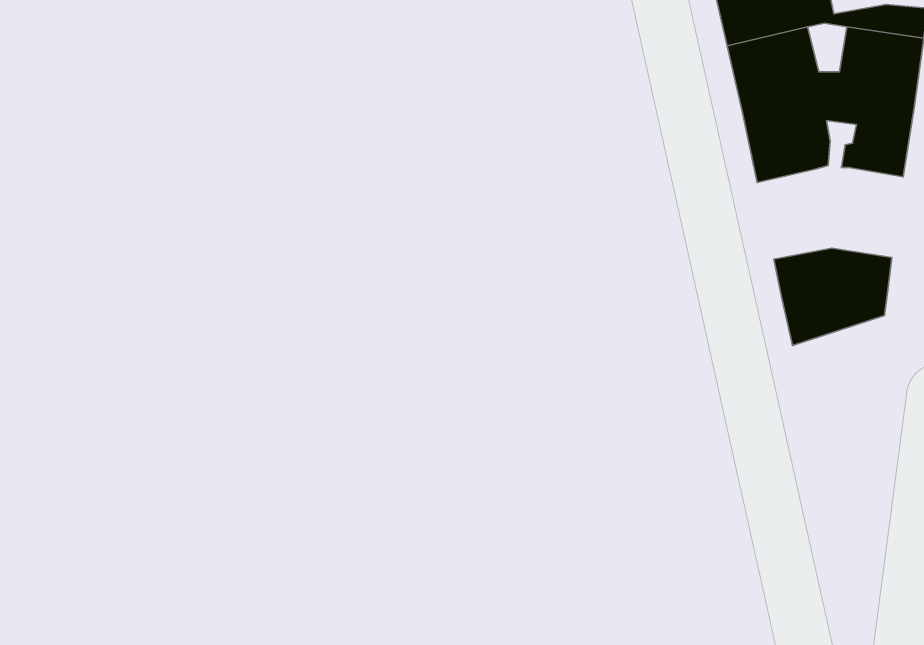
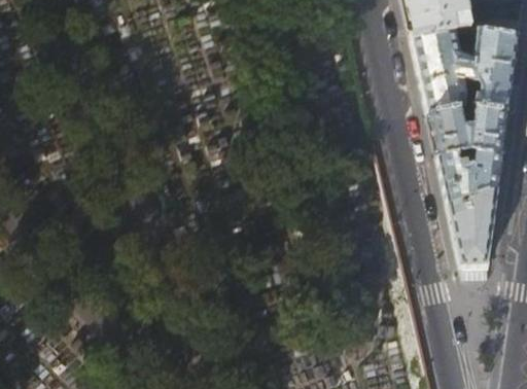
building: none -> [428,99,508,149]
building: none -> [448,180,498,258]

